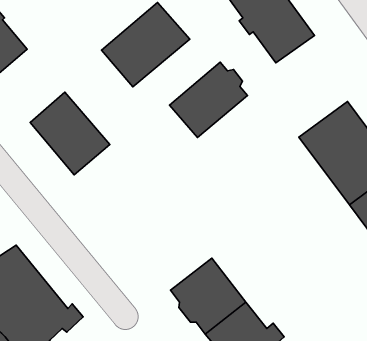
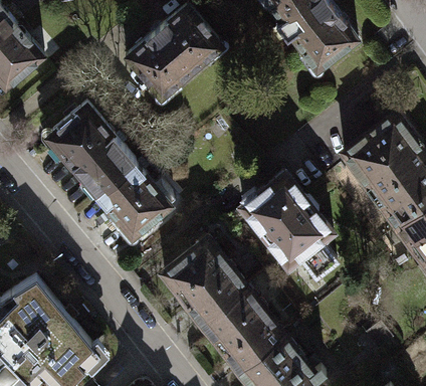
building: [169,62,248,137] -> none
building: none -> [96,162,172,237]
building: none -> [242,174,338,277]
building: none -> [163,237,247,322]

